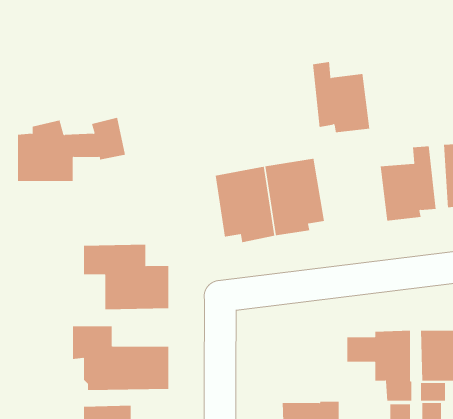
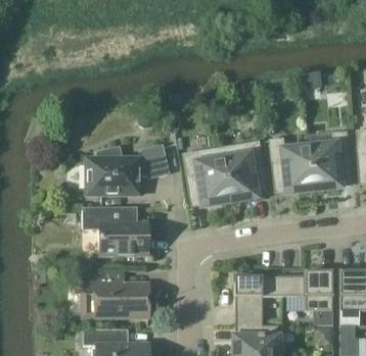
building: [312,62,370,133] -> [271,138,315,192]
building: [17,117,126,182] -> [87,145,170,194]
building: none -> [235,276,284,326]

